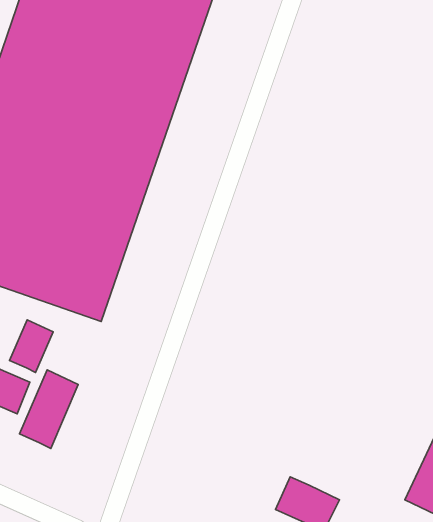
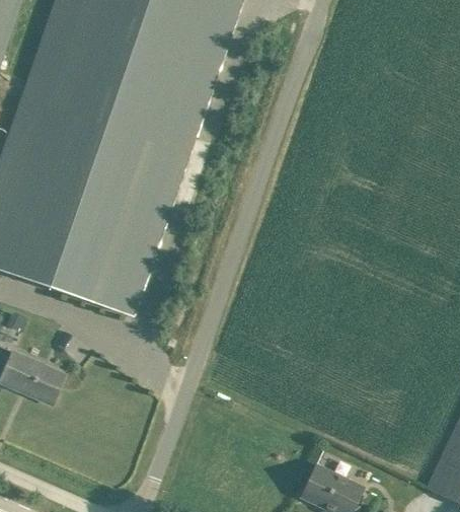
building: [10,320,53,372] -> none
building: [19,370,78,449] -> none

